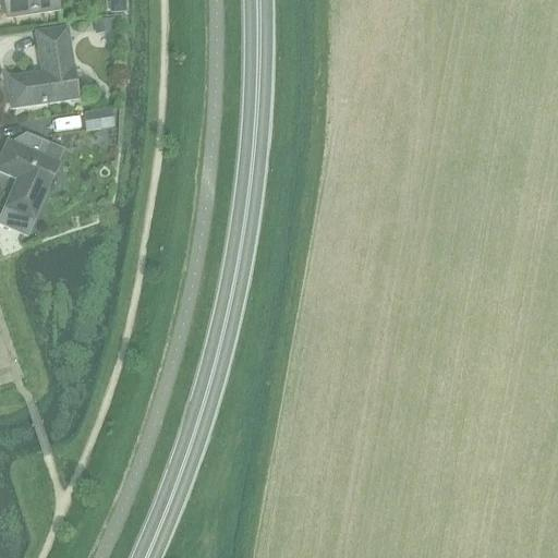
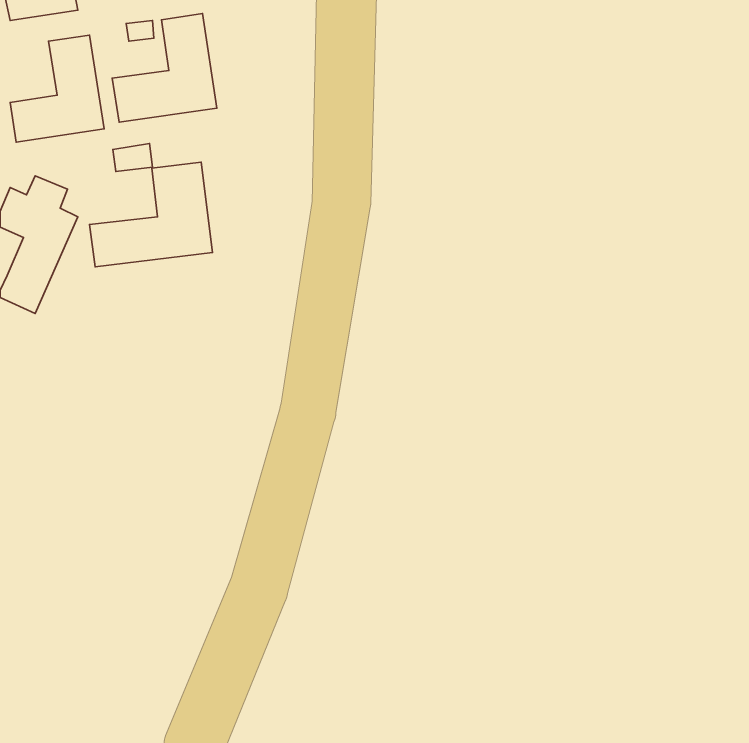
building: none -> [112,14,217,122]
building: none -> [90,162,212,267]

